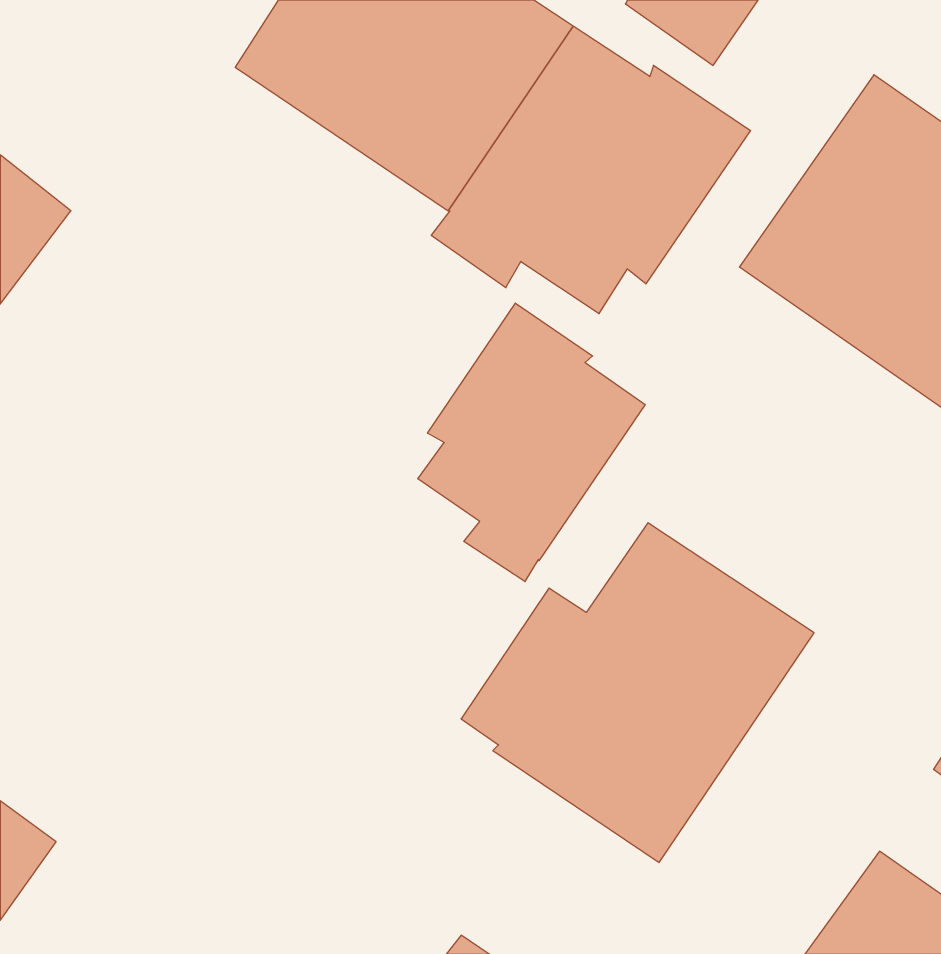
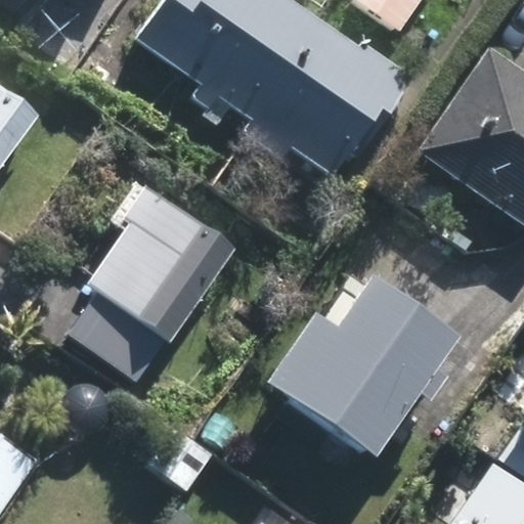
building: [418,303,645,582] -> none
building: none -> [68,174,233,373]

